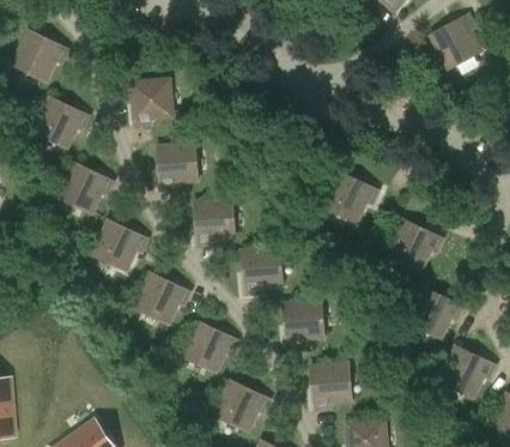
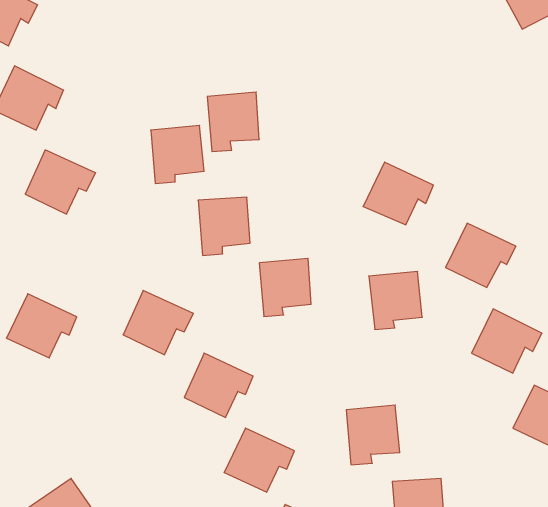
building: [132,78,172,125] -> [207,92,259,152]
building: [92,219,147,270] -> [6,294,77,358]
building: [283,300,324,345] -> [369,271,422,329]

